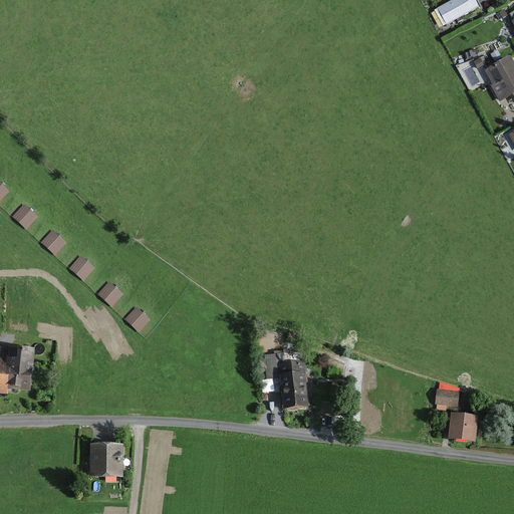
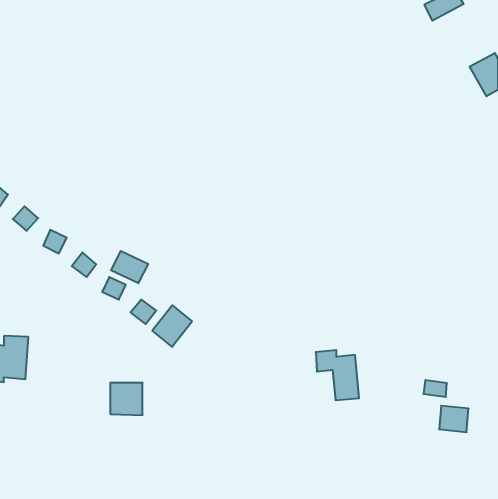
building: none -> [111,251,148,283]
building: none -> [152,305,192,347]
building: [265,354,309,406] -> [316,350,359,400]
building: [86,443,119,476] -> [110,383,143,415]

